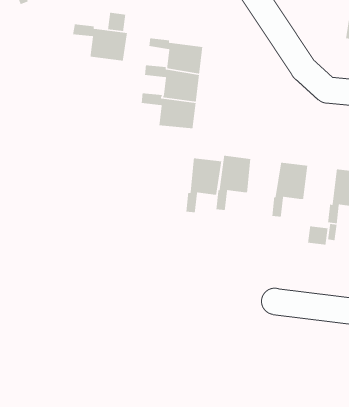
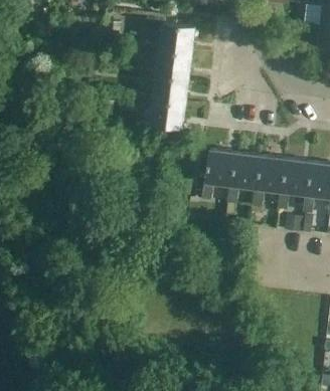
building: [72,24,128,62] -> [144,19,194,53]
building: [185,157,222,213] -> [226,154,260,204]
building: none -> [276,160,310,210]

